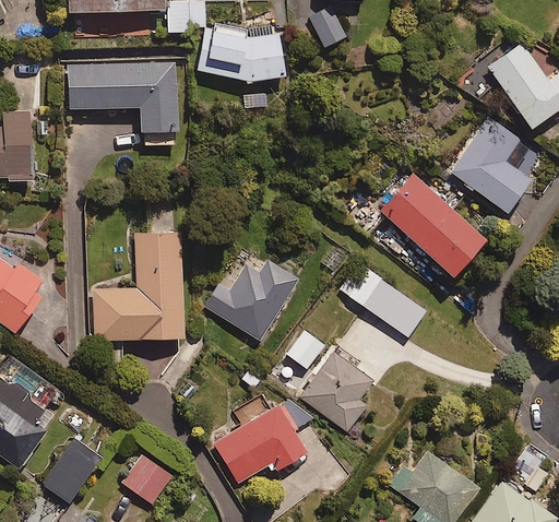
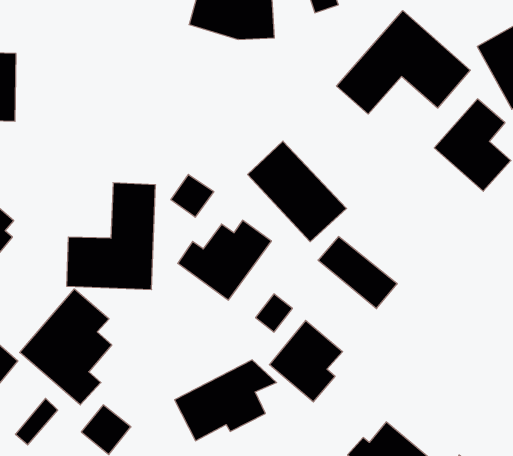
building: none -> [337,11,470,114]
building: [68,66,176,130] -> none
building: [380,175,481,273] -> [248,141,347,242]
building: none -> [171,174,214,217]
building: none -> [20,289,112,405]

